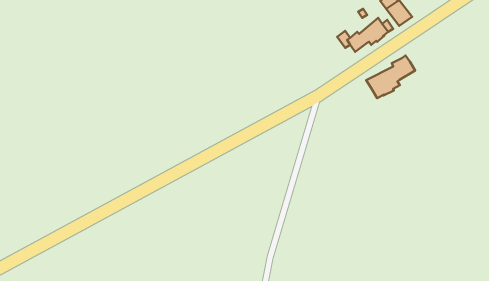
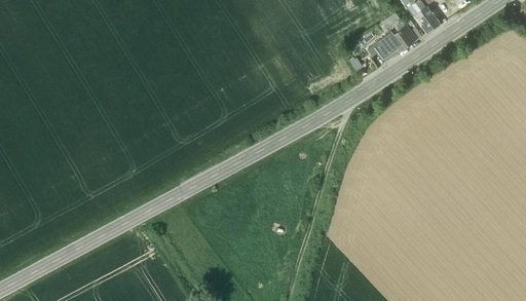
building: [366,56,415,98] -> none

